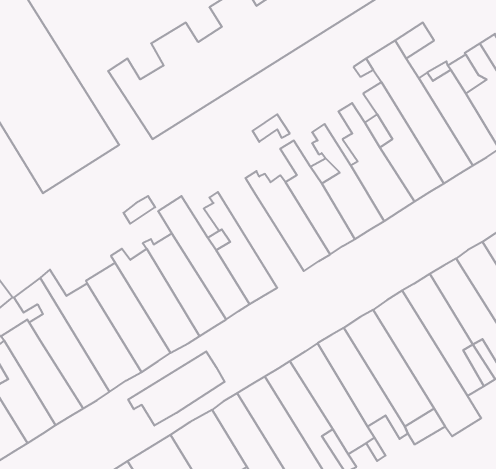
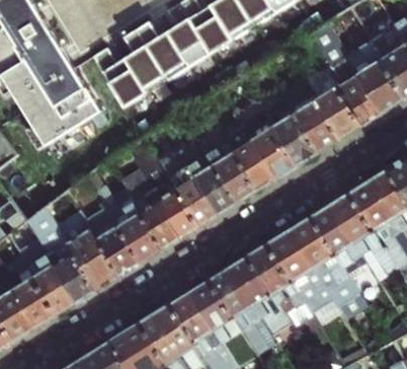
building: none -> [173,141,236,215]
building: [128,351,225,426] -> none

